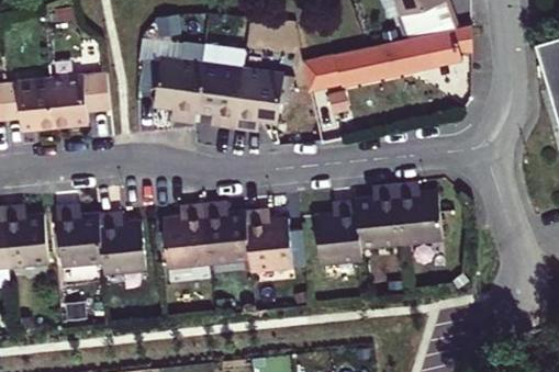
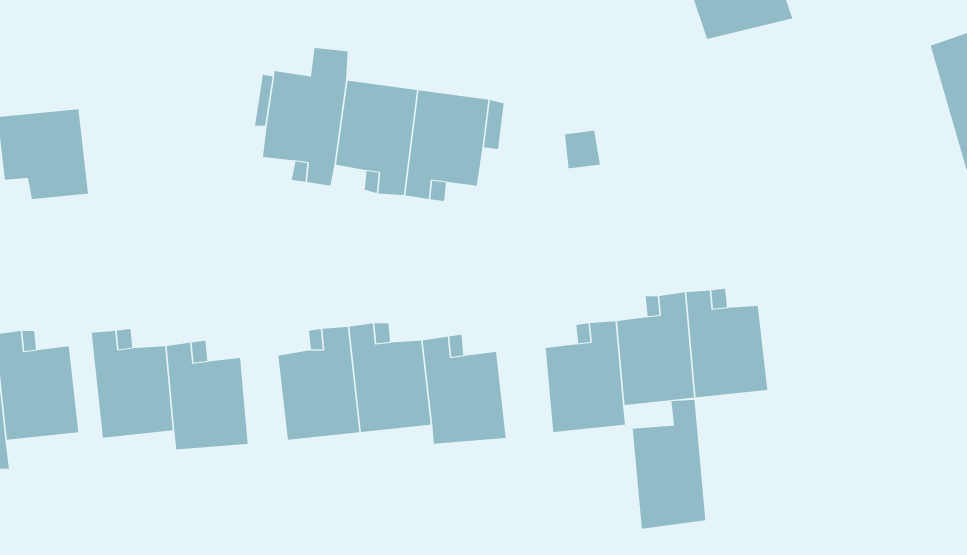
building: [299,26,471,91] -> none
building: [48,74,109,128] -> none
building: none -> [632,399,706,529]

